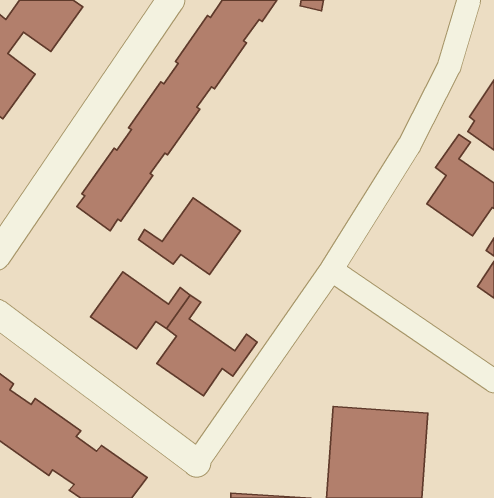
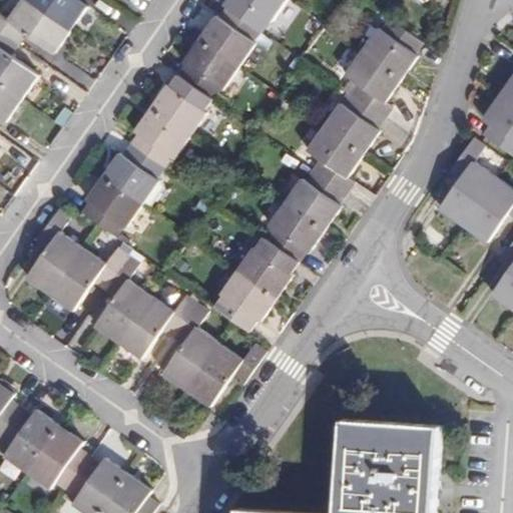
building: none -> [213,19,421,331]
building: [138,198,240,275] -> none
building: none -> [25,206,138,311]

